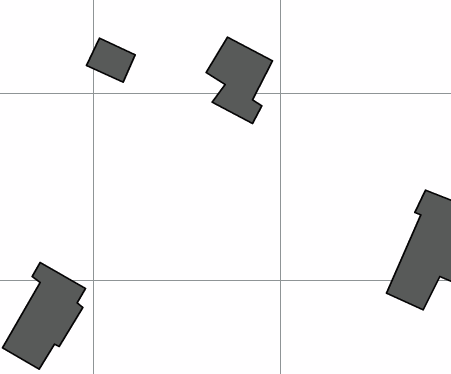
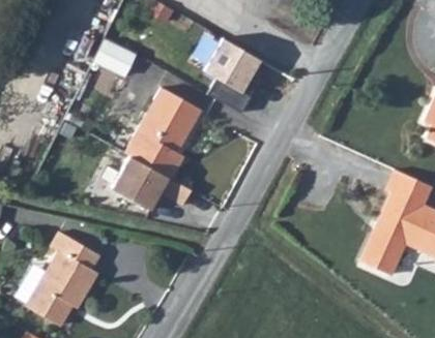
building: none -> [111,91,201,206]

